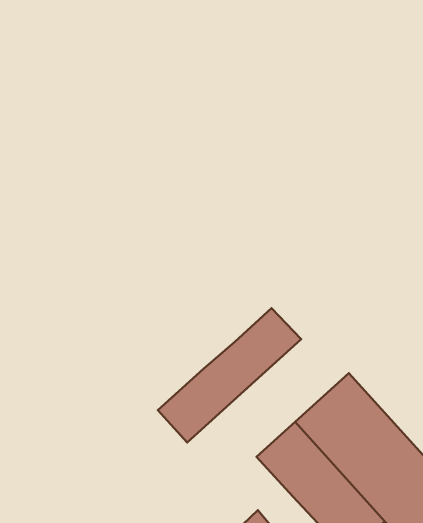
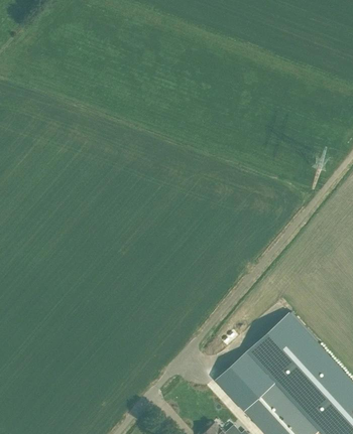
building: [158,308,301,443] -> none

